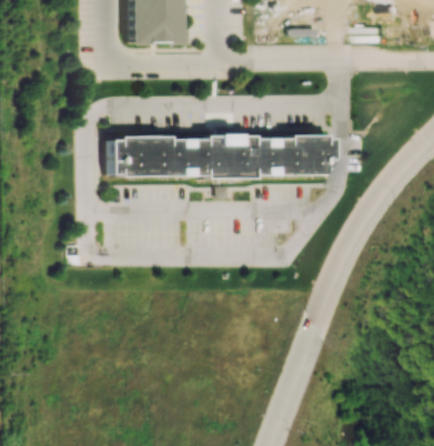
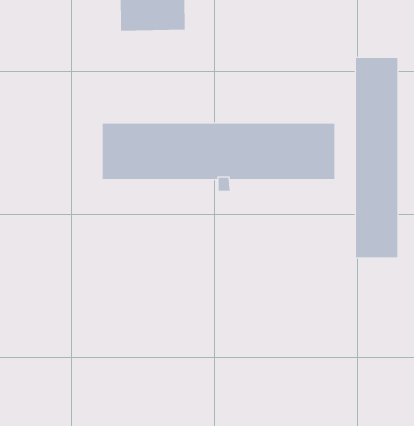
building: none -> [355,57,398,258]

